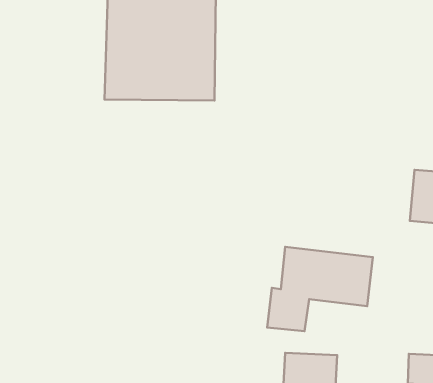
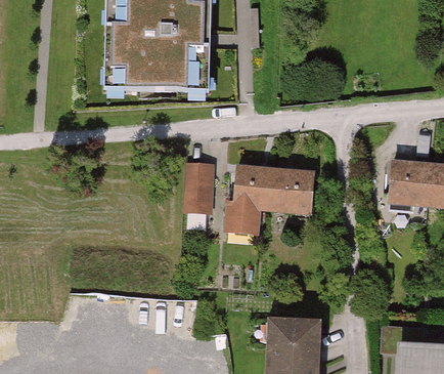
building: none -> [182,161,211,216]
building: [267,247,373,331] -> [217,165,312,241]

